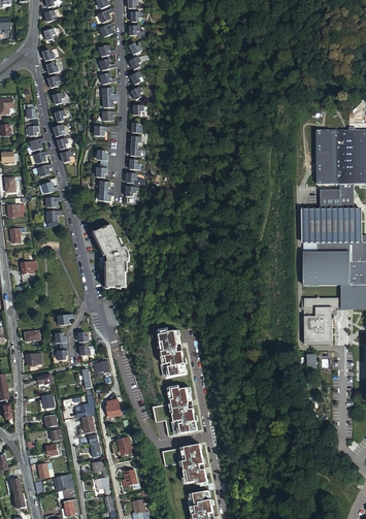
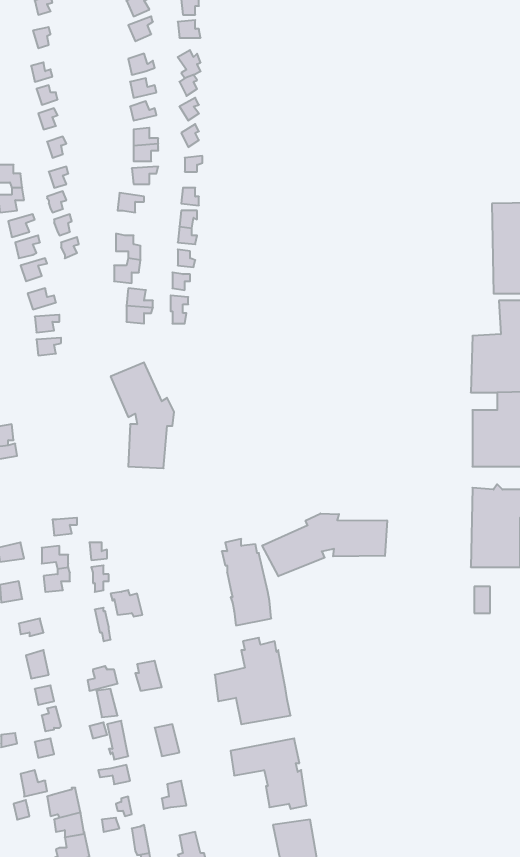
building: none -> [262,513,387,576]

